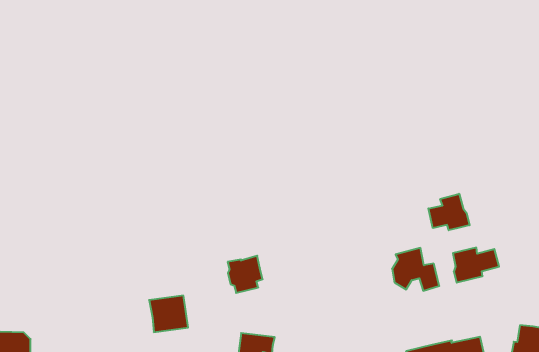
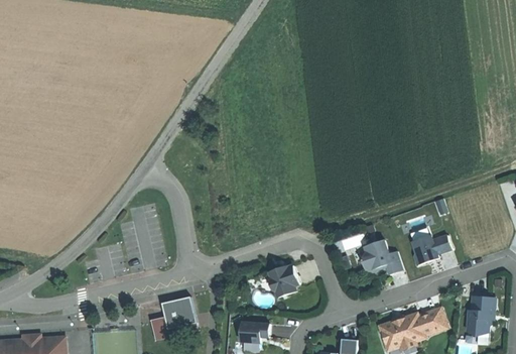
building: [428,194,470,230] -> none
building: [228,256,263,293] -> [268,264,298,297]
building: none -> [152,315,199,338]

